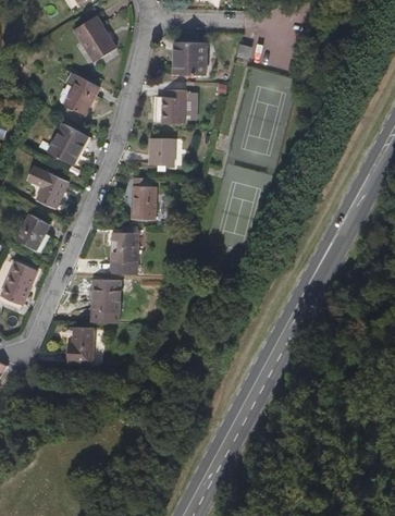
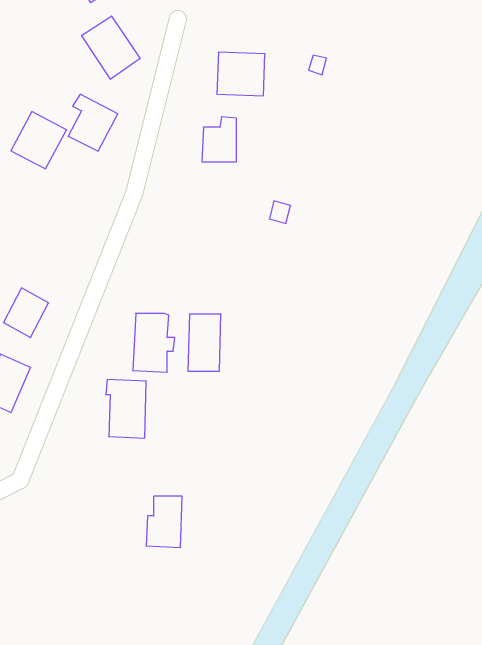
building: [48,123,88,164] -> [11,112,67,169]
building: [148,138,175,165] -> none
building: [27,167,69,208] -> none
building: [132,177,156,219] -> [188,314,221,371]
building: [67,327,94,364] -> [146,496,182,547]

